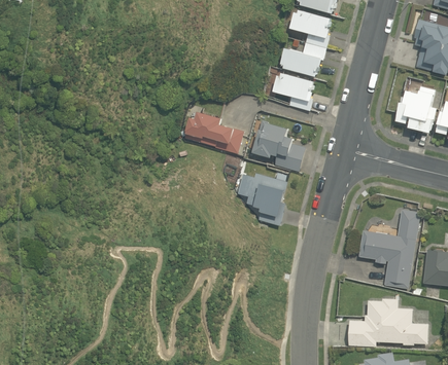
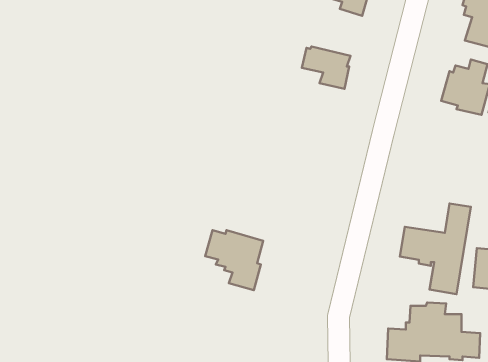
building: [280,41,328,75] -> none
building: [184,110,244,153] -> none
building: [252,118,305,172] -> none
building: [237,172,287,224] -> [205,230,263,290]

